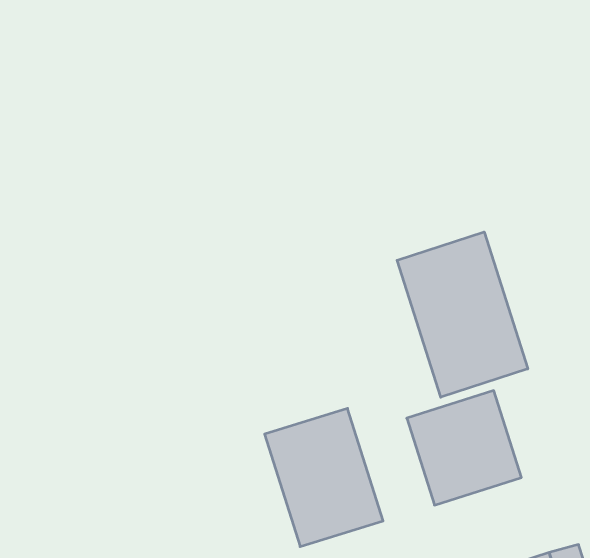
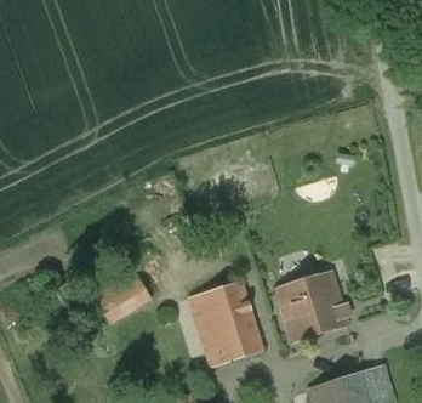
building: [397,232,528,397] -> none

